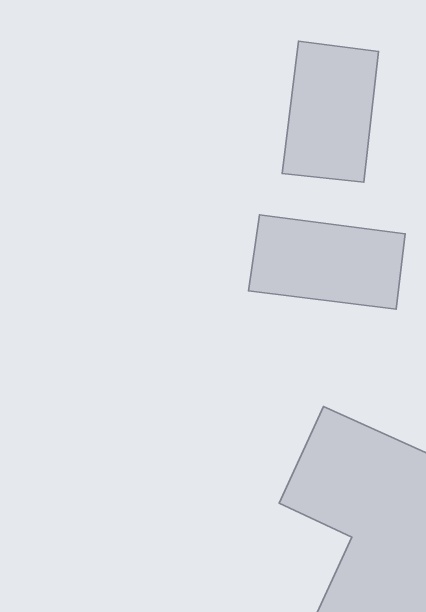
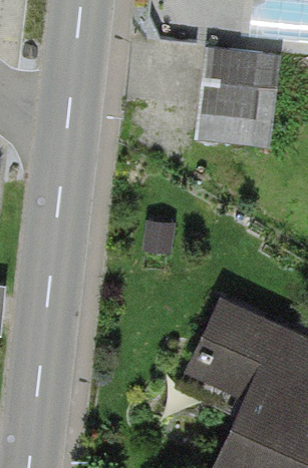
building: [249,215,405,309] -> none

